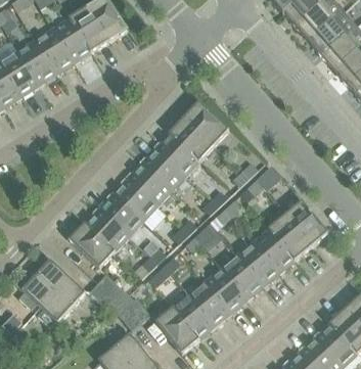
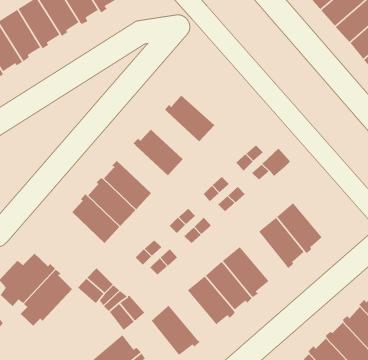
building: [182,101,229,145] -> none
building: [153,133,199,176] -> none
building: [125,164,171,206] -> none
building: [284,201,328,248] -> none
building: [69,222,114,268] -> none
building: [236,241,278,288] -> none
building: [172,294,216,339] -> none

